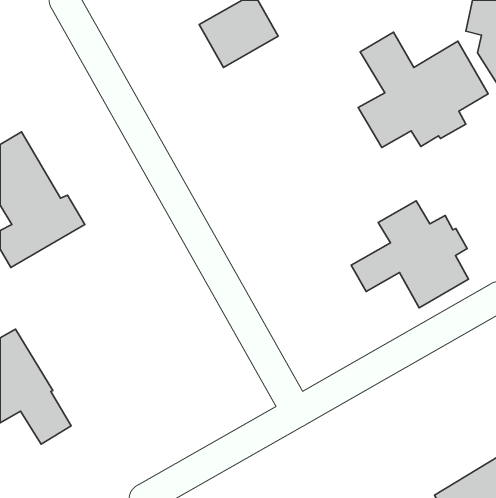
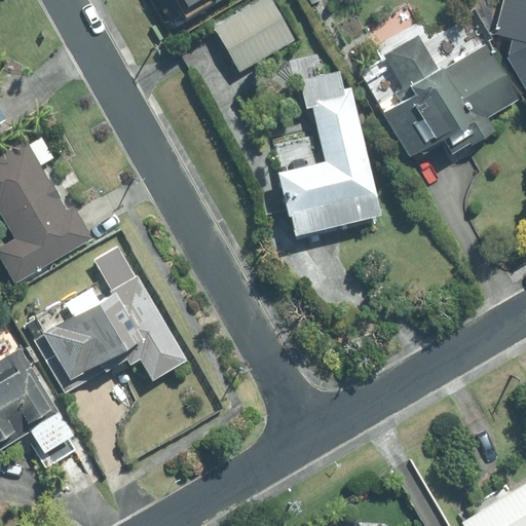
building: none -> [272,71,374,219]
building: [351,201,469,308] -> none
building: none -> [35,246,186,391]

